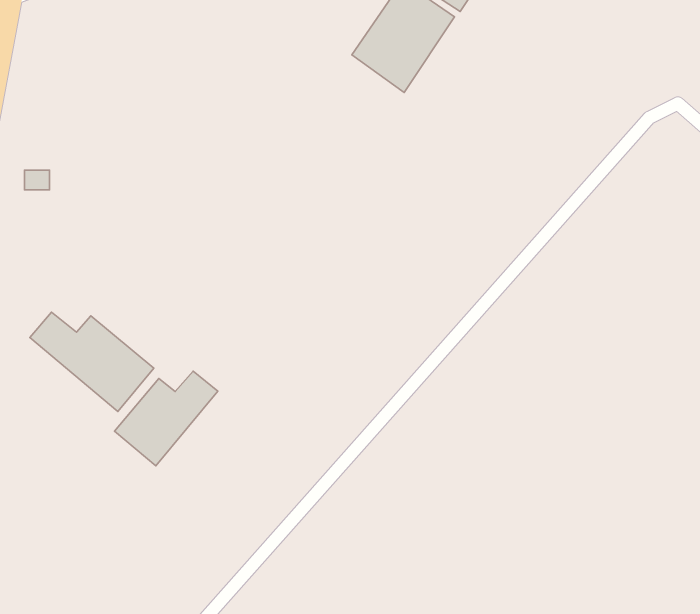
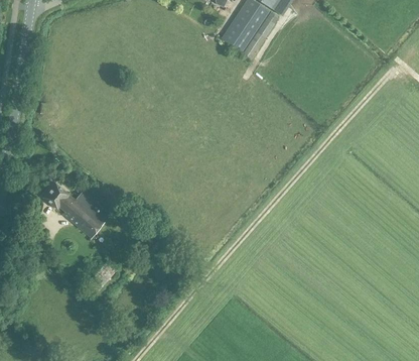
building: [115,371,218,466] -> none

